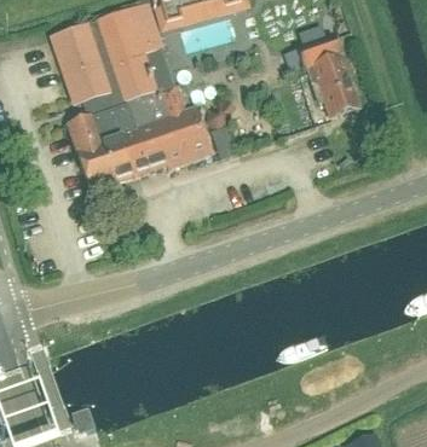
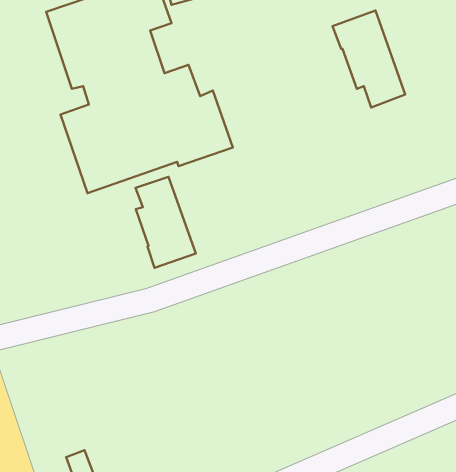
building: none -> [135,177,196,268]

